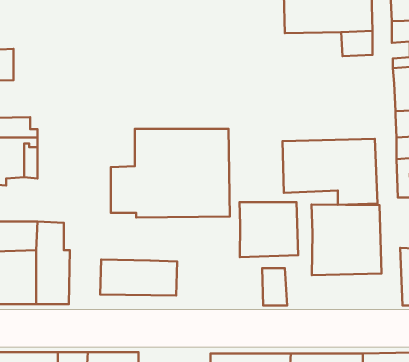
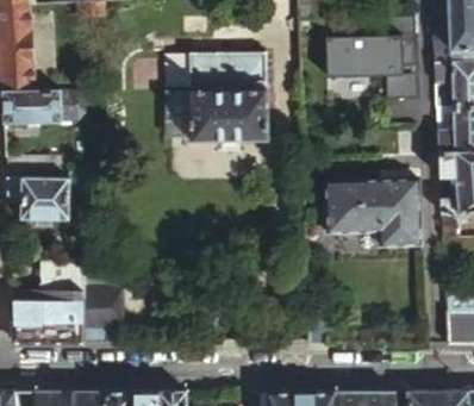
building: [111,129,230,218] -> [166,52,283,140]
building: [239,202,298,257] -> none
building: [312,204,381,275] -> none
building: [100,259,177,296] -> none

